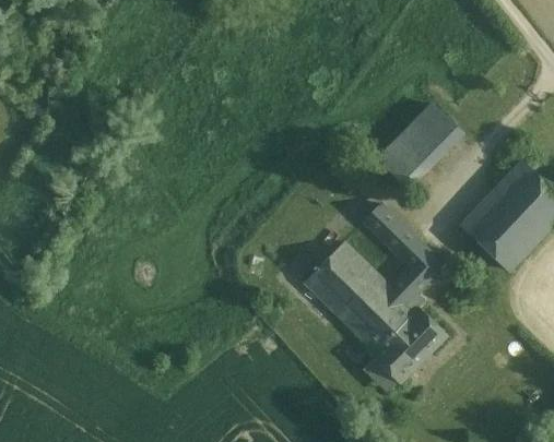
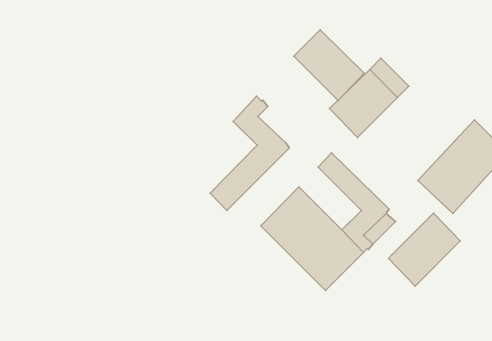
building: none -> [294,30,364,100]
building: none -> [210,96,290,211]
building: [368,304,445,382] -> [388,213,460,286]

